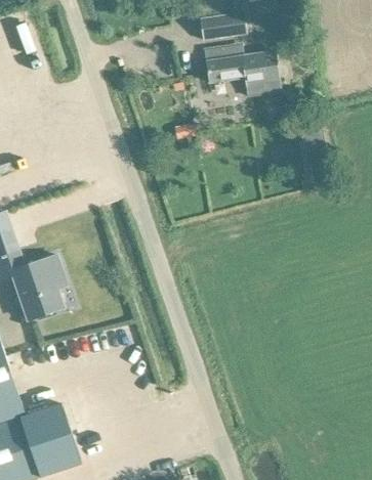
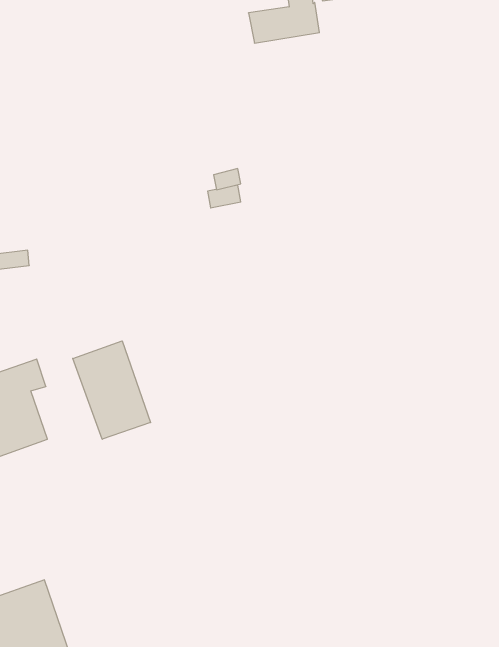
building: [204,44,281,95] -> none
building: none -> [73,341,151,439]

